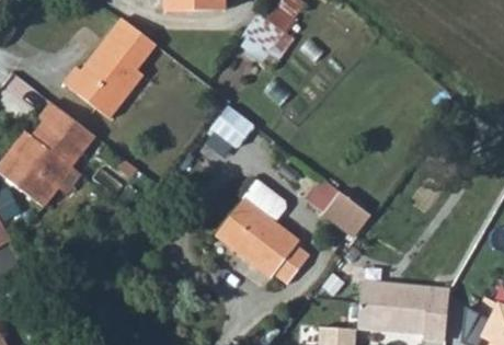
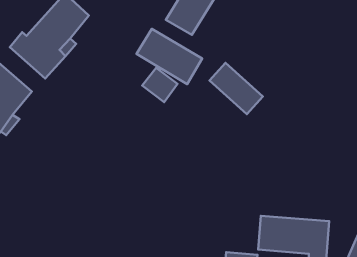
building: none -> [136,29,202,84]
building: [309,174,375,238] -> [210,63,263,114]
building: [213,191,305,292] -> none

